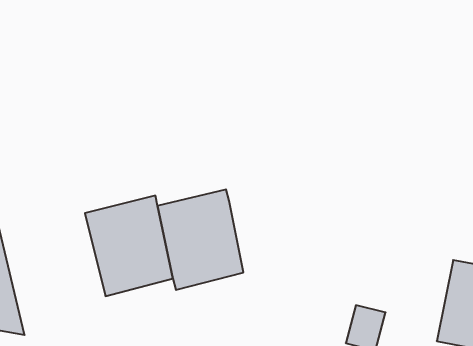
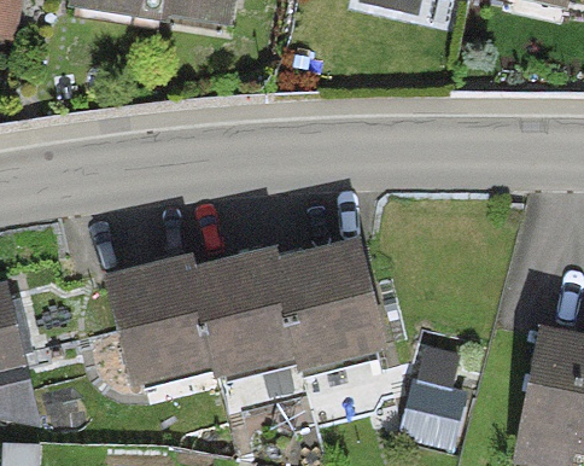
building: none -> [276,251,380,369]

